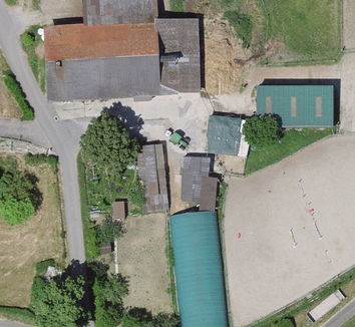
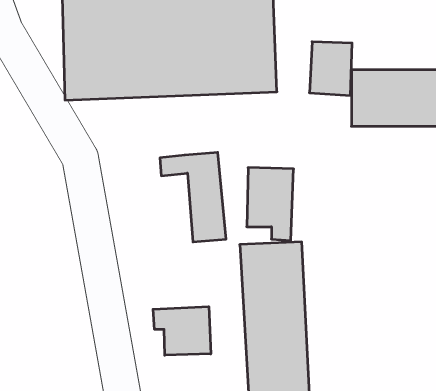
building: [208,109,239,148] -> [309,42,352,95]
building: none -> [153,307,211,355]

